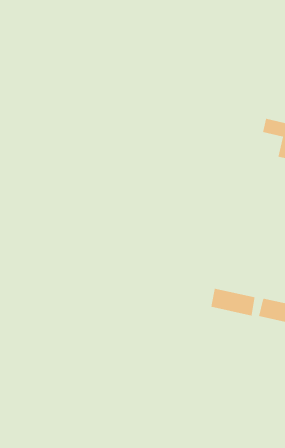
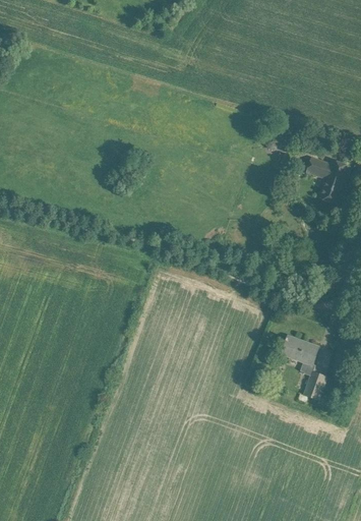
building: [211,288,256,316] -> none

